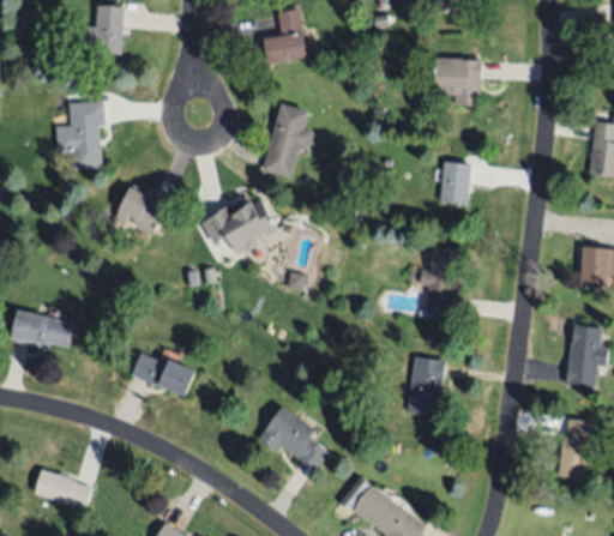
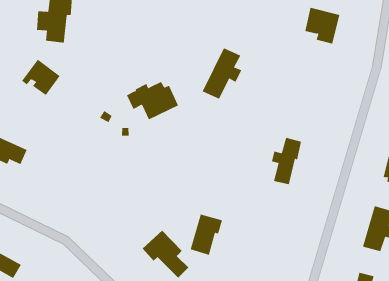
building: [261,103,313,177] -> [202,47,242,100]
building: [439,161,472,204] -> none
building: [113,183,167,234] -> [21,59,60,96]
building: [131,353,194,395] -> none
building: [407,357,446,414] -> [190,214,223,255]

